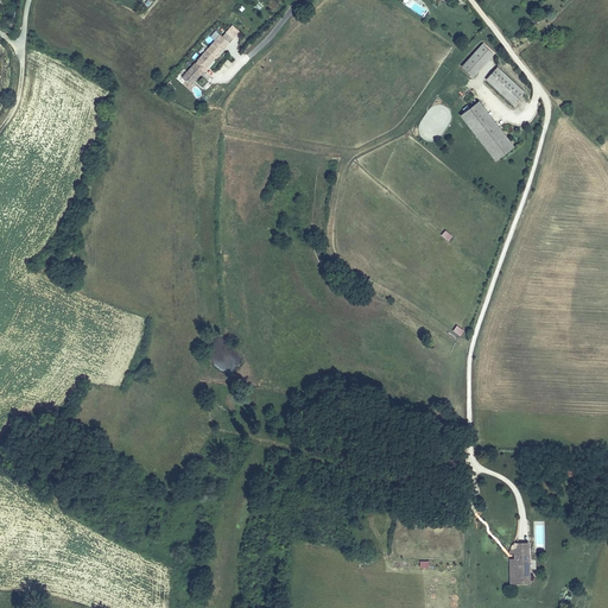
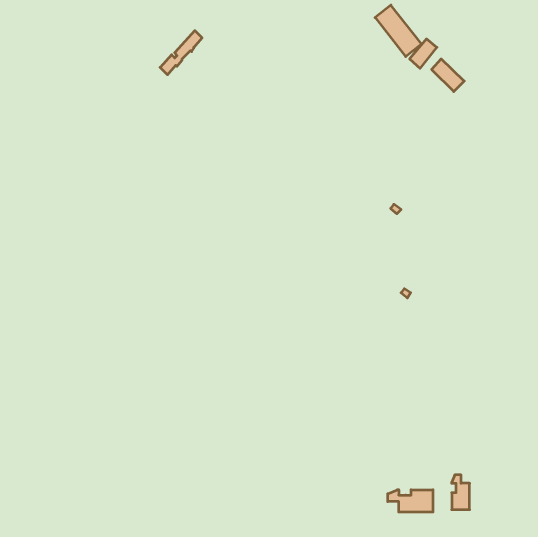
building: [462,103,514,162] -> [375,5,421,57]
building: none -> [388,490,433,512]

